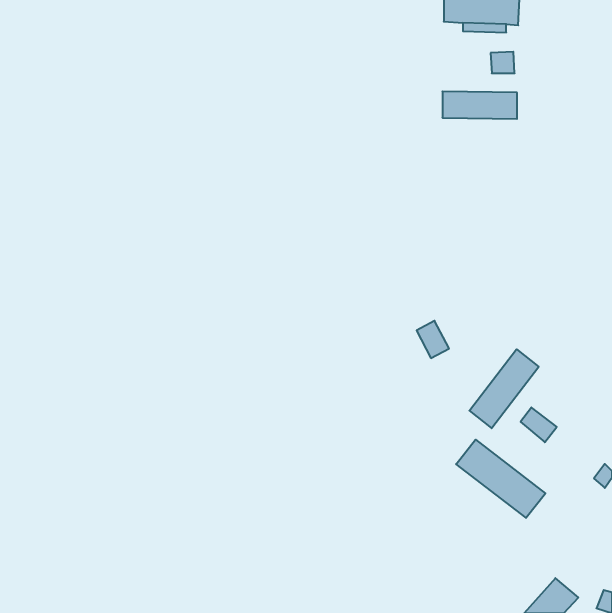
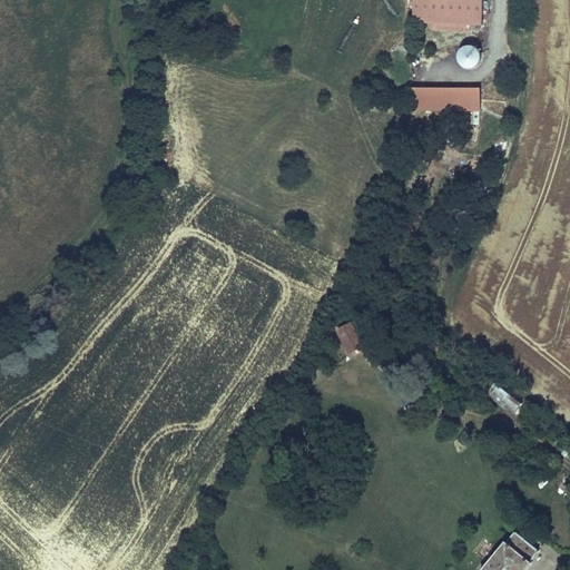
building: [417,321,449,358] -> [333,322,363,356]
building: [469,349,539,428] -> none
building: [456,440,545,518] -> none

